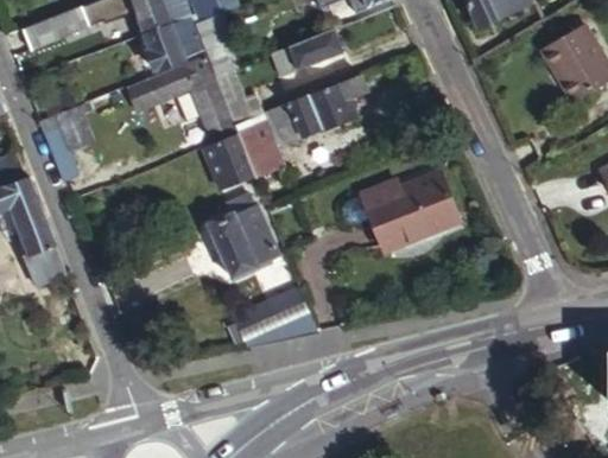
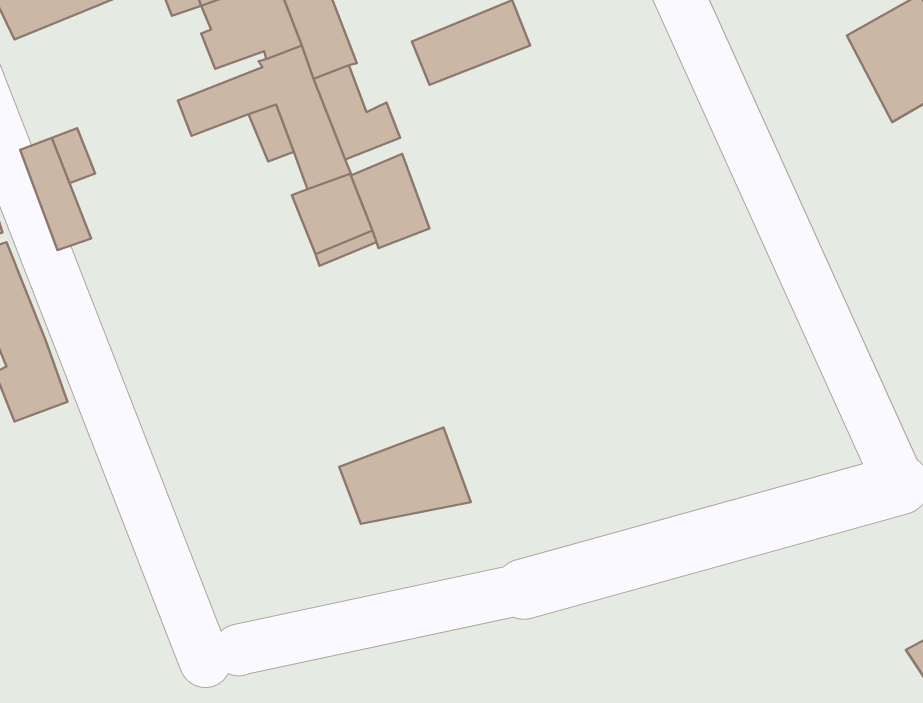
building: [273,72,372,147] -> none
building: [350,176,450,254] -> none
building: [207,193,278,278] -> none

